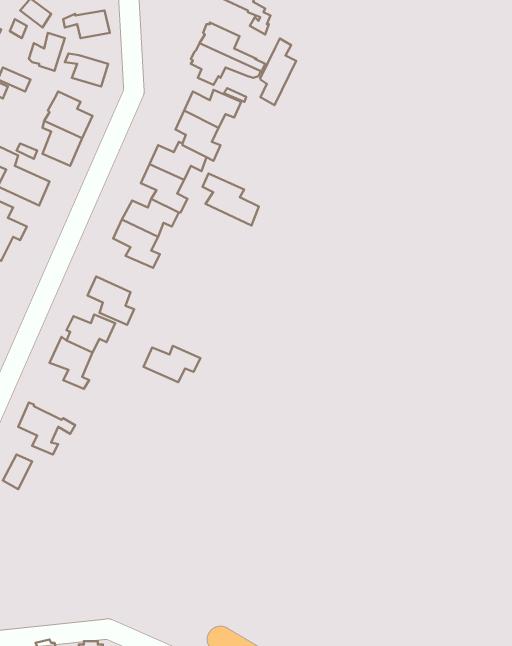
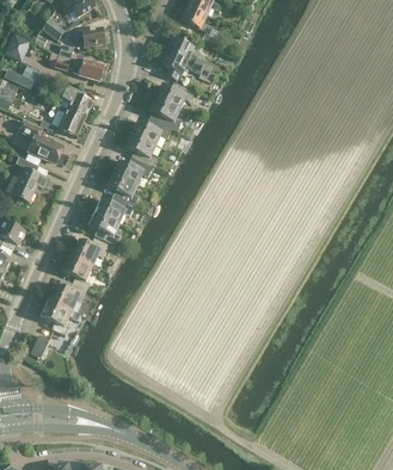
building: [260,38,296,105] -> none
building: [203,173,259,225] -> none
building: [144,346,201,382] -> [93,197,133,222]
building: none -> [50,283,85,310]

